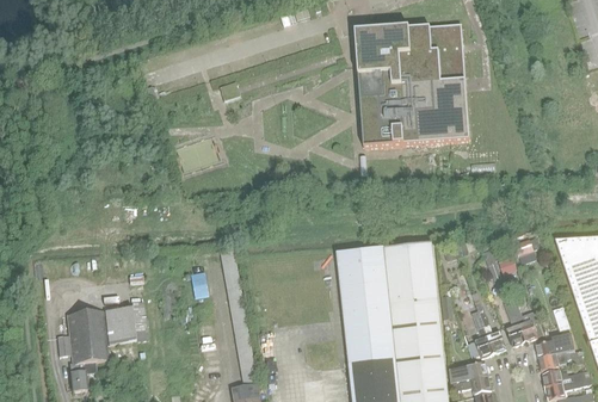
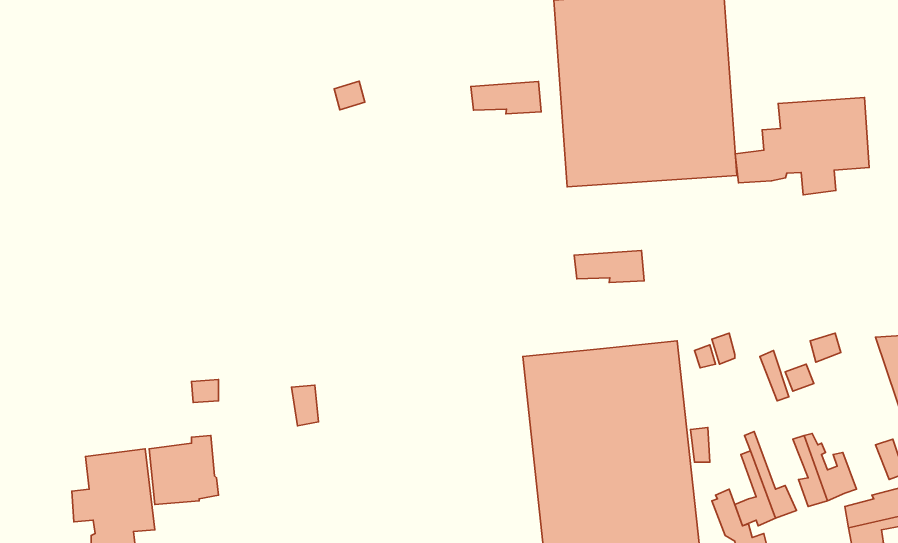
building: none -> [471,82,541,114]
building: none -> [735,97,869,195]
building: none -> [574,250,644,283]

